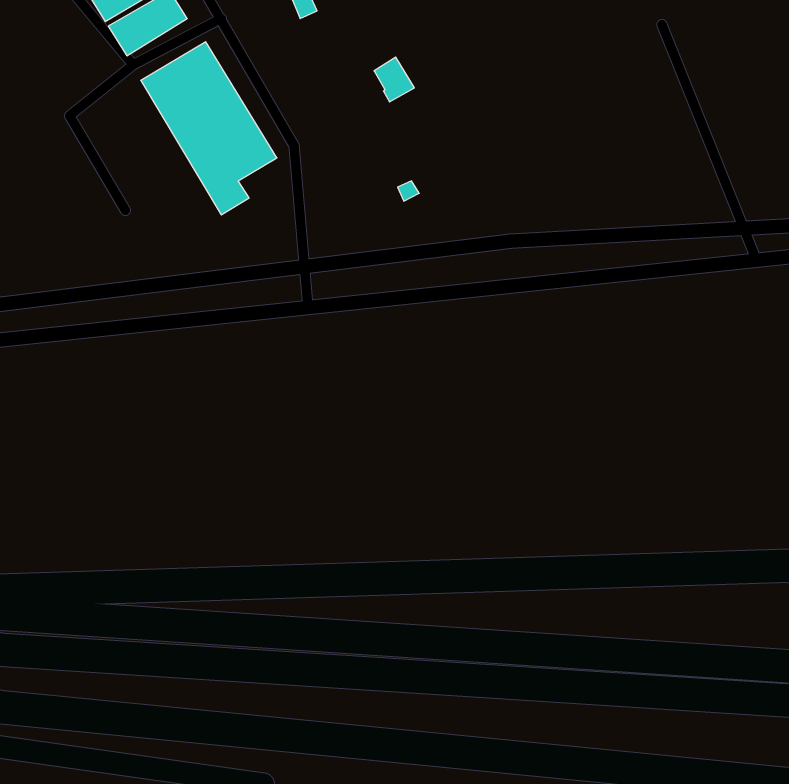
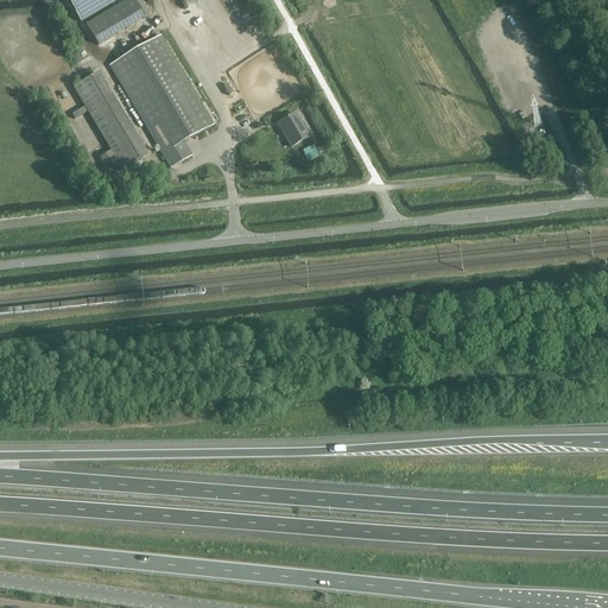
building: [374,57,414,102] -> [278,109,309,144]
building: none -> [72,66,148,166]

